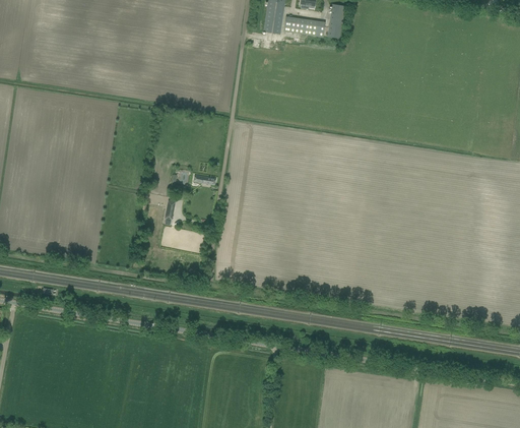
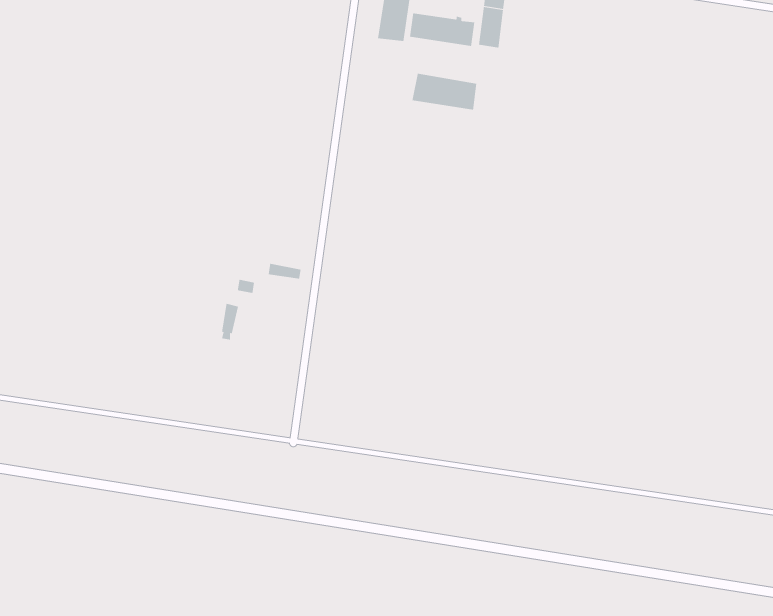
building: none -> [412,73,477,110]

